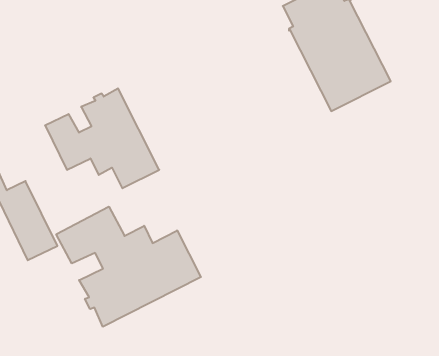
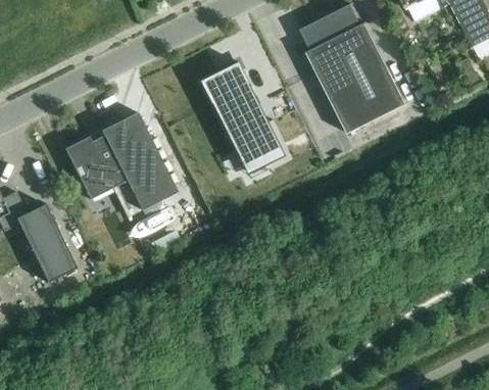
building: none -> [198,61,284,173]
building: [56,207,201,327] -> none

